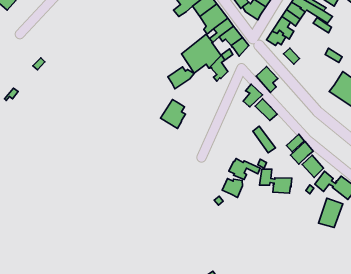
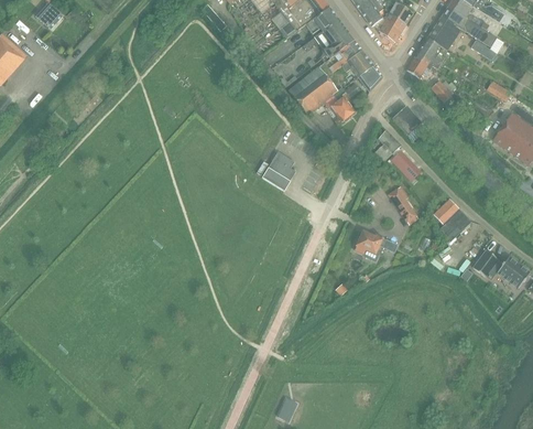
building: [168,67,194,89] -> none
building: [302,155,323,177] -> none
building: [259,169,292,193] -> none
building: [222,179,243,198] -> none
building: [319,198,343,228] -> none

